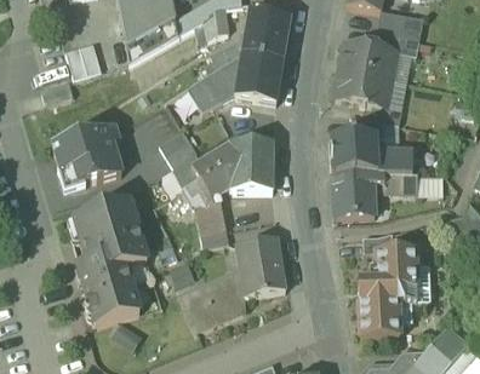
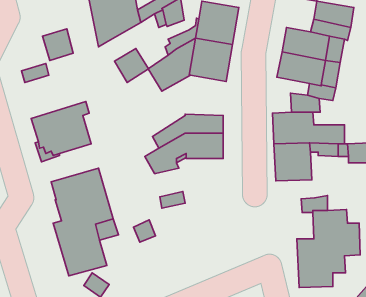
building: [159,128,198,167] -> [115,49,148,82]
building: [195,201,227,234] -> none
building: [182,236,286,329] -> none

